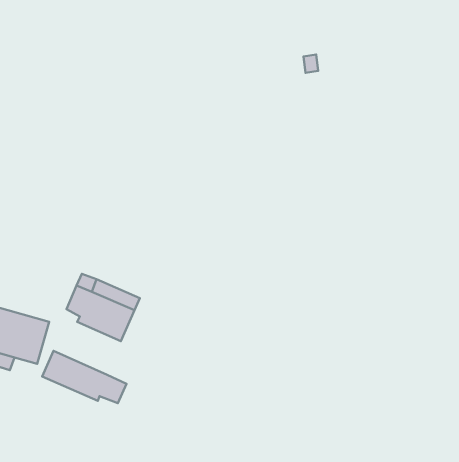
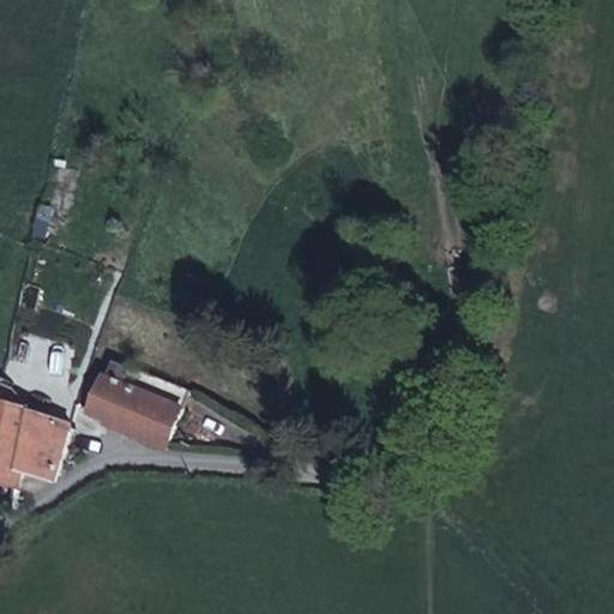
building: [42,351,127,403] -> none

